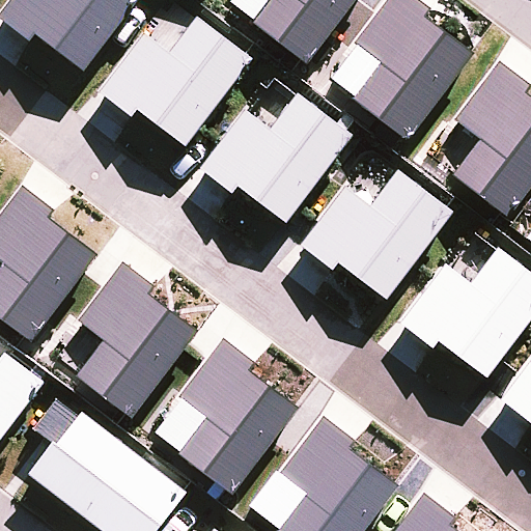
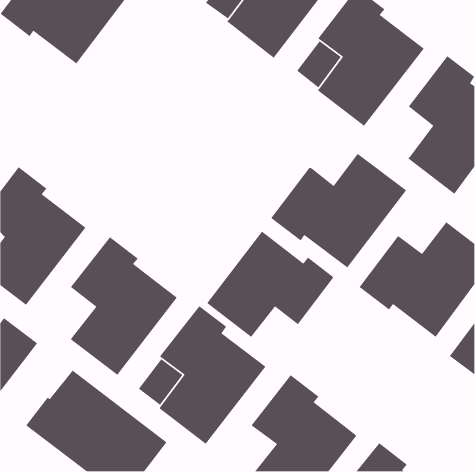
building: [99,16,251,145] -> none
building: [199,91,352,221] -> none
building: none -> [206,230,334,338]

